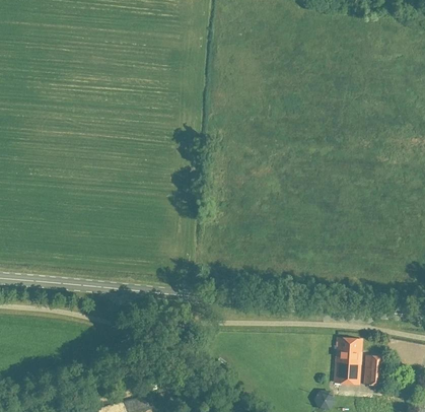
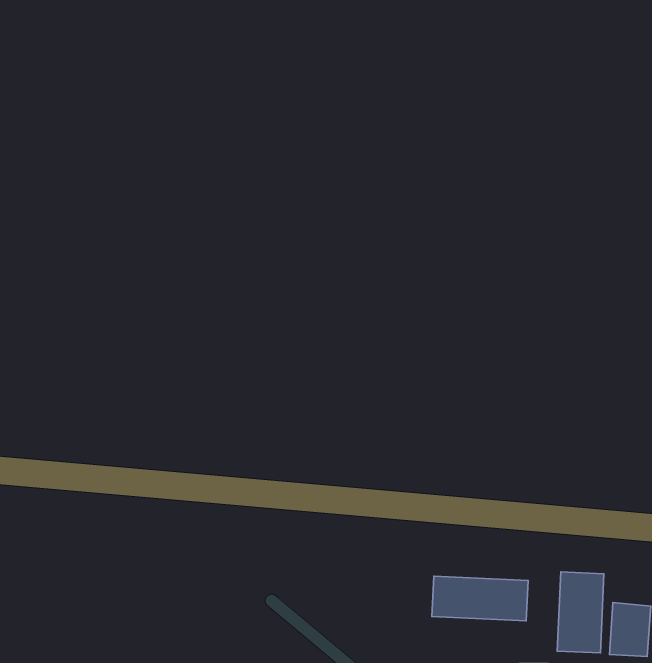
building: none -> [432,576,528,621]

